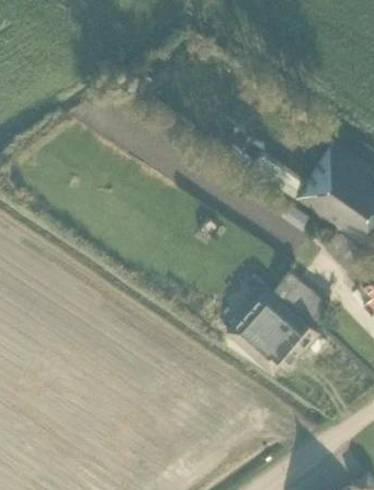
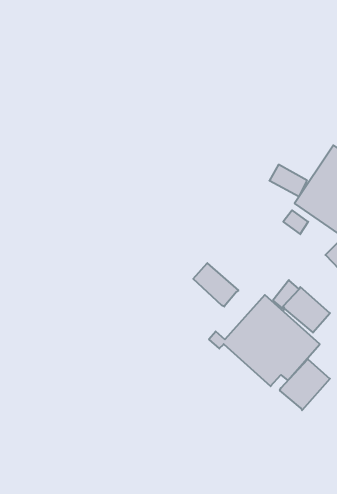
building: none -> [193,263,238,307]
building: none -> [280,359,330,410]

